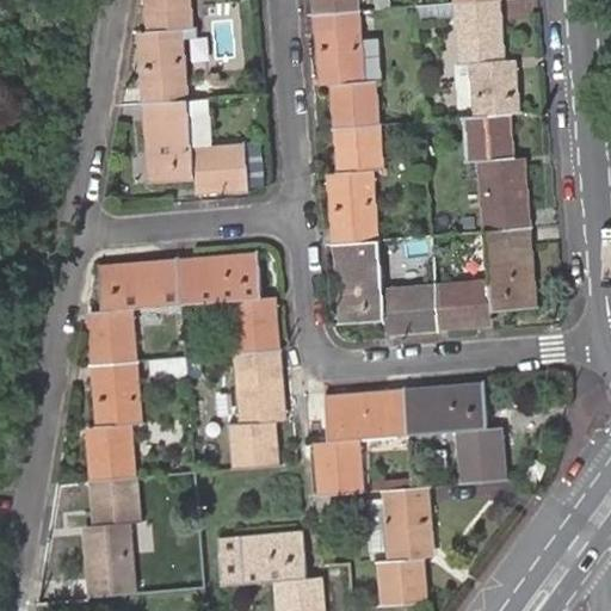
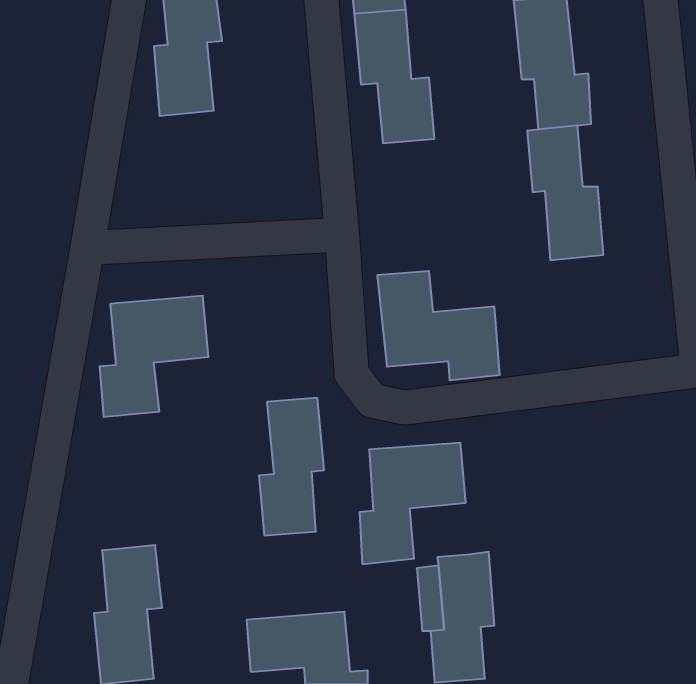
building: [140,97,247,192] -> none
building: [326,122,387,241] -> none
building: [433,223,536,328] -> none
building: [178,252,278,352] -> none
building: [86,360,146,482] -> none
building: [403,381,507,481] -> none

